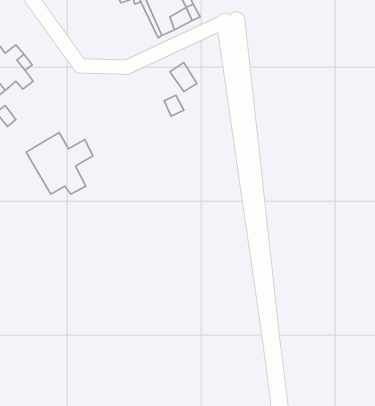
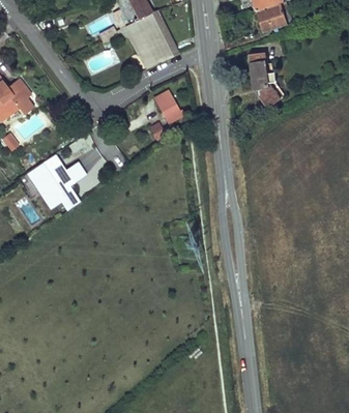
building: none -> [251,56,275,105]

